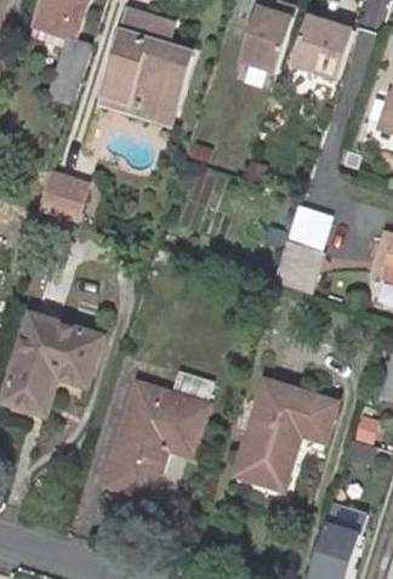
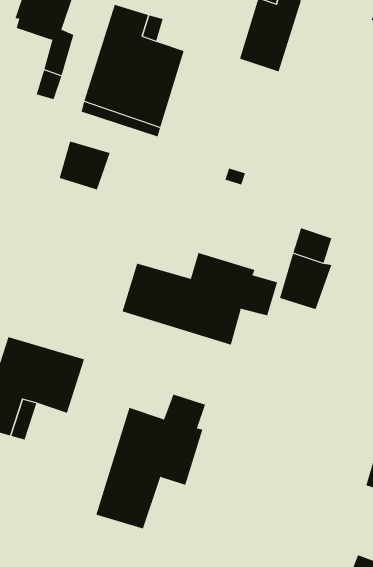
building: [291,15,353,78] -> none
building: [39,171,86,216] -> [59,141,111,190]
building: none -> [122,252,278,346]
building: [237,375,336,483] -> none

